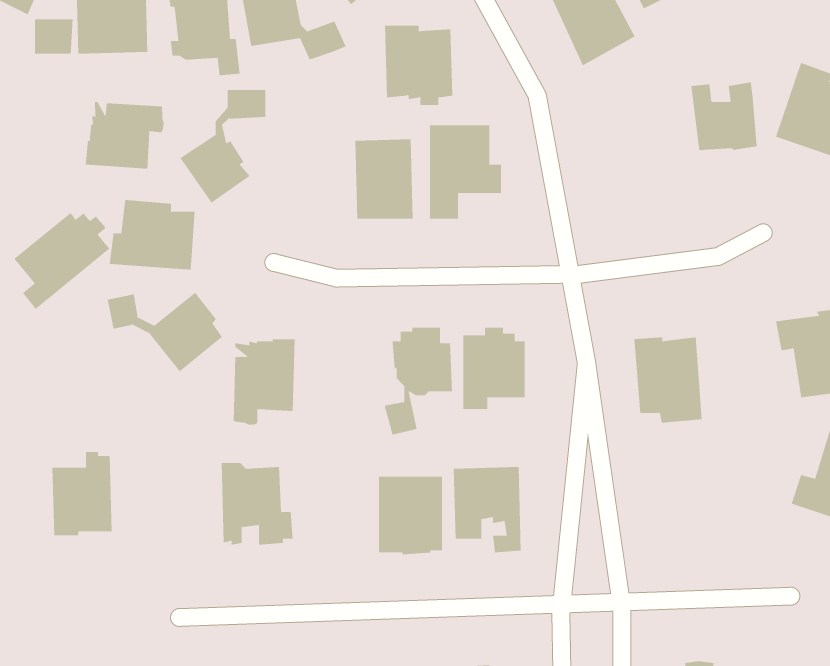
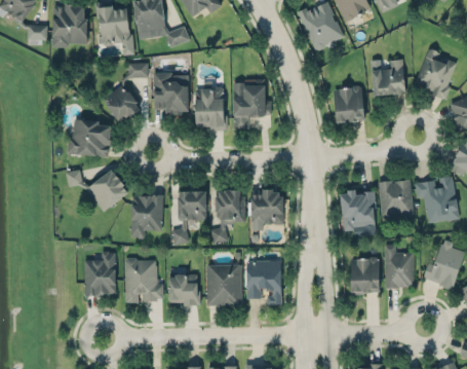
building: [384,25,453,106] -> [153,72,189,114]
building: [85,101,164,169] -> none
building: none -> [333,87,364,124]
building: [14,212,110,310] -> none
building: none -> [378,181,412,218]
building: none -> [170,188,205,246]
building: none -> [384,244,414,287]
building: [52,451,113,536] -> [83,251,115,295]
building: none -> [350,259,379,294]
building: none -> [168,274,198,306]

